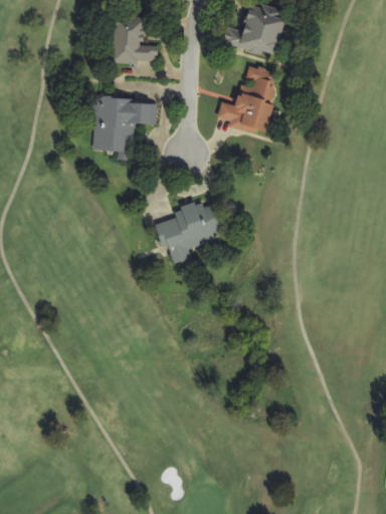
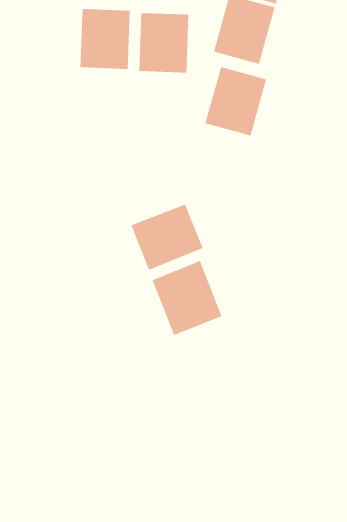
building: [95,97,144,155] -> [138,13,189,73]
building: none -> [152,260,222,336]

